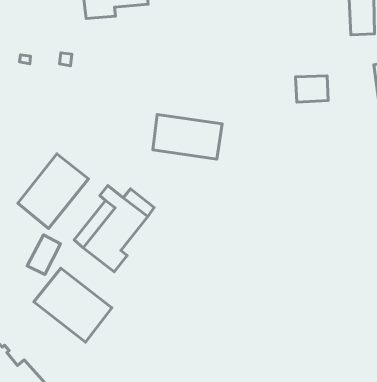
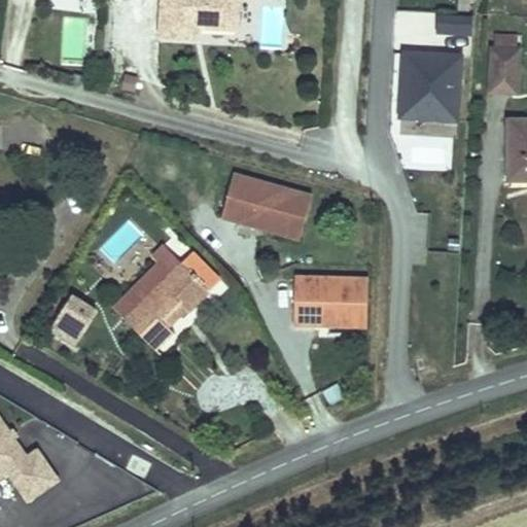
building: none -> [397,51,459,120]
building: [18,154,88,229] -> none
building: none -> [300,275,380,323]
building: [34,268,112,342] -> none

